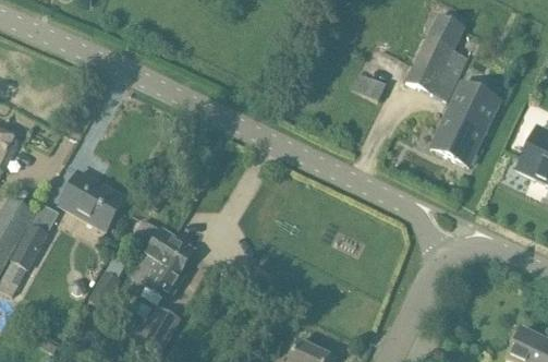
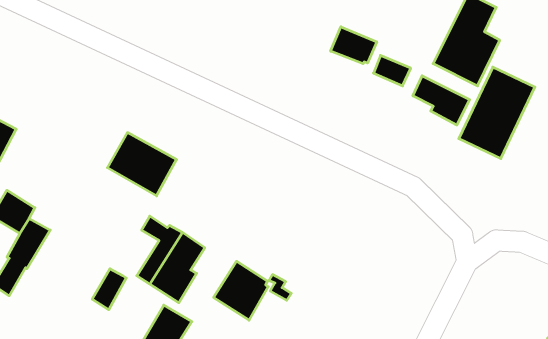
building: none -> [331,27,377,64]
building: none -> [413,76,470,125]
building: [59,171,123,230] -> [107,133,177,196]
building: none -> [214,261,268,320]

